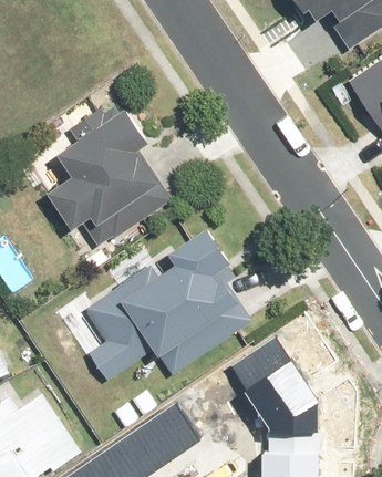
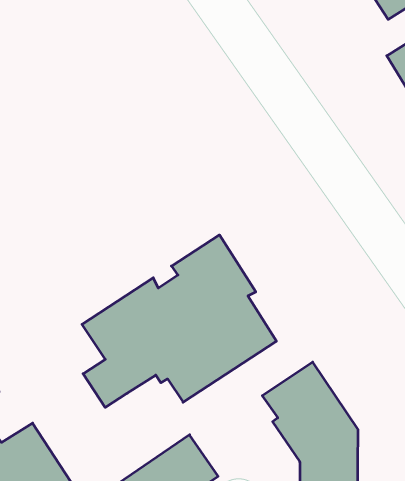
building: [43,112,169,269] -> none

